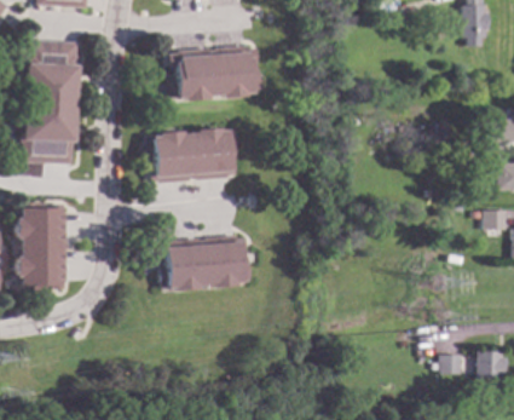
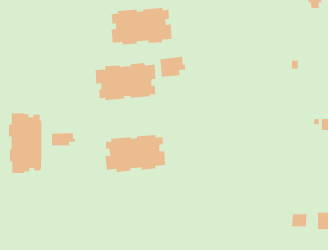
building: [23,40,79,165] -> none
building: none -> [160,56,186,77]
building: none -> [51,132,75,146]

